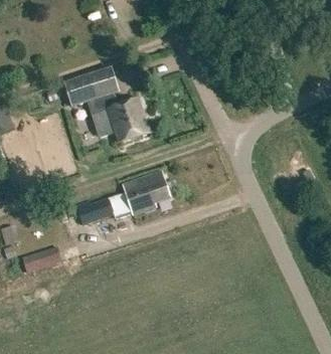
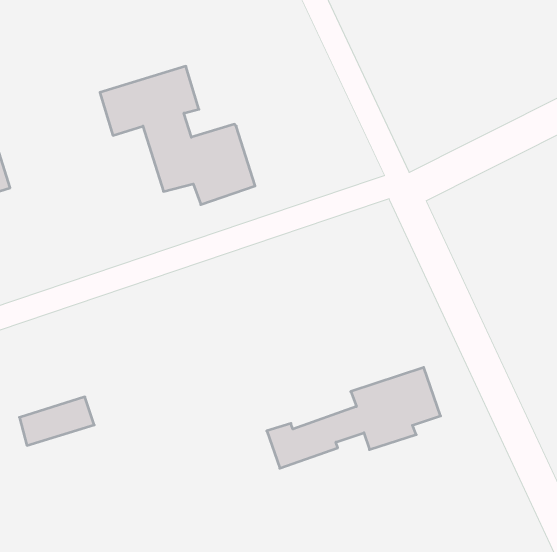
building: [75,170,169,224] -> [267,367,441,468]

